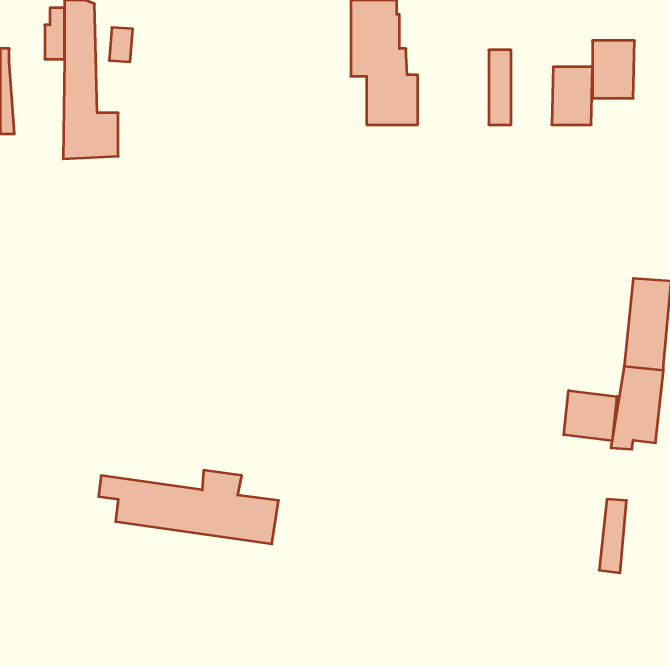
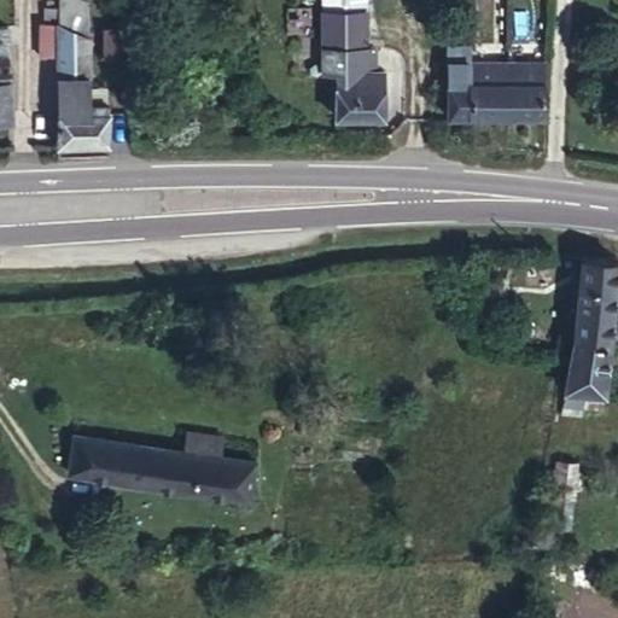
building: [592,41,635,98] -> [471,66,509,119]
building: [564,390,617,441] -> none
building: none -> [70,438,110,484]

